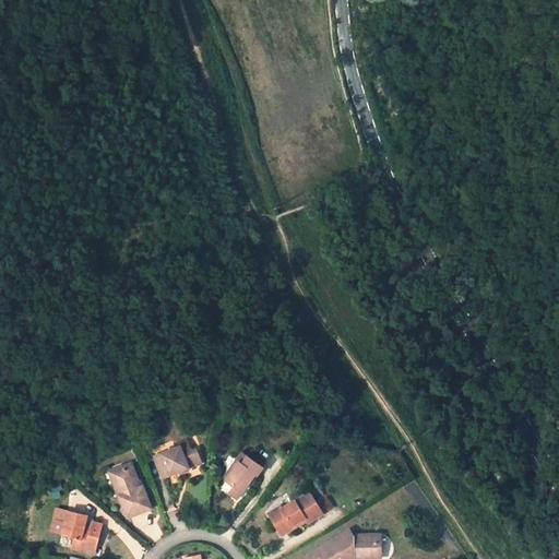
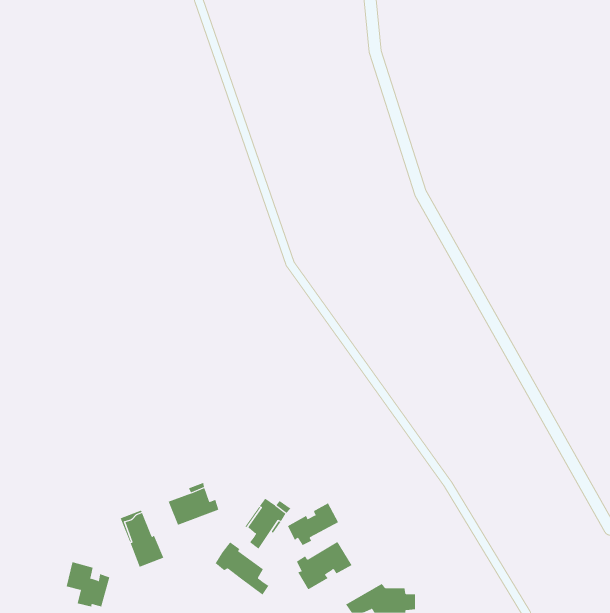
building: none -> [287,503,339,546]
building: none -> [215,541,269,596]

